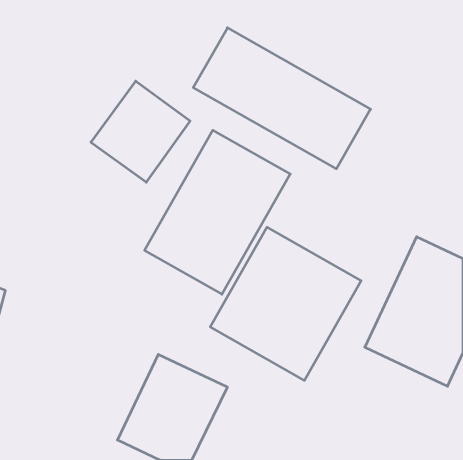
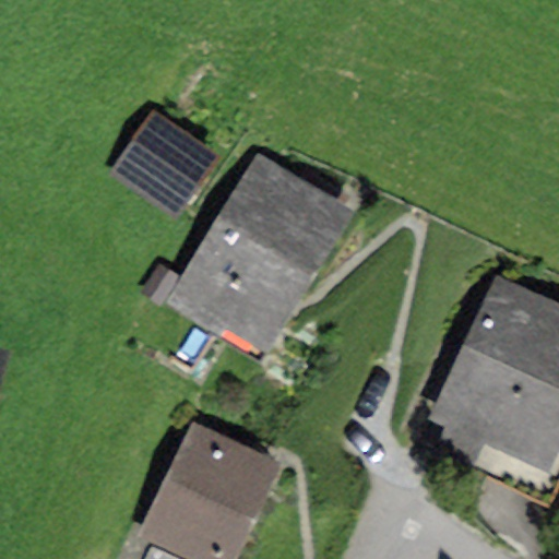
building: [193,28,371,169] -> none
building: [210,227,361,380] -> none

